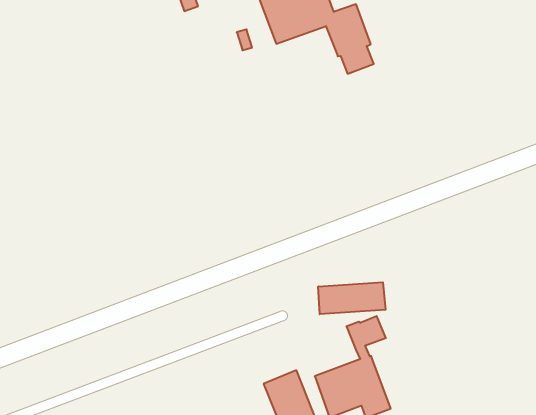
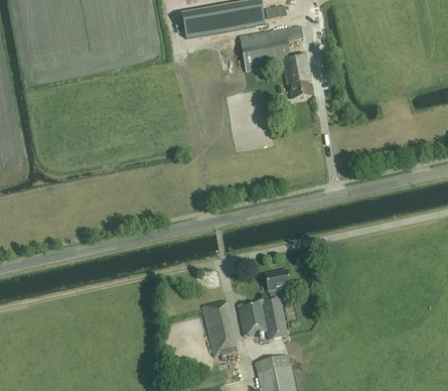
building: [318,282,386,314] -> none

